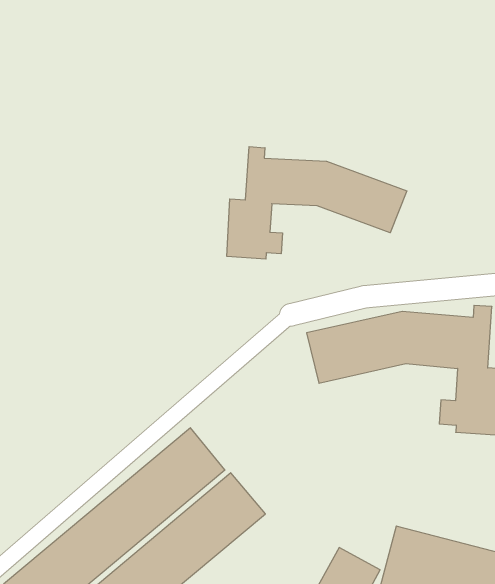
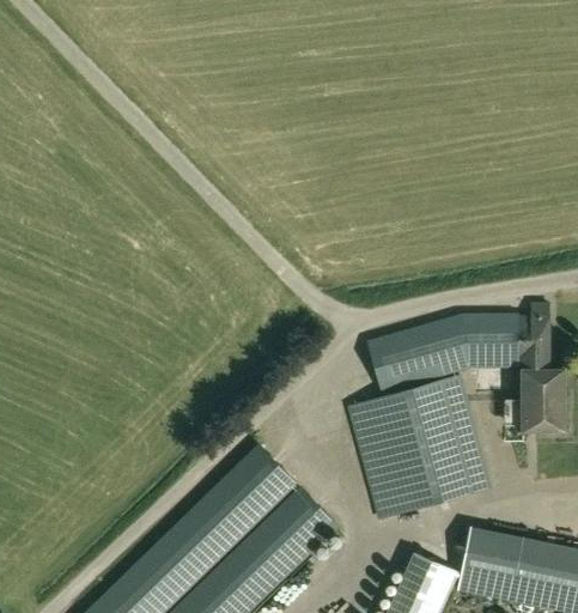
building: [227,147,407,259] -> none
building: none -> [347,374,495,518]

